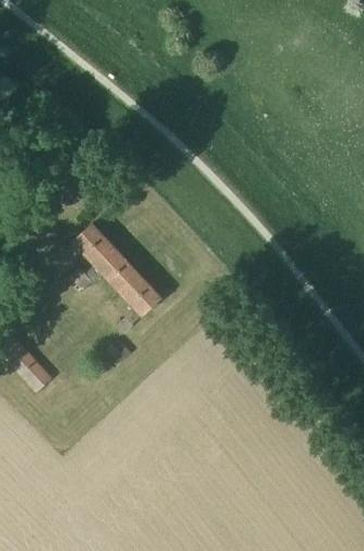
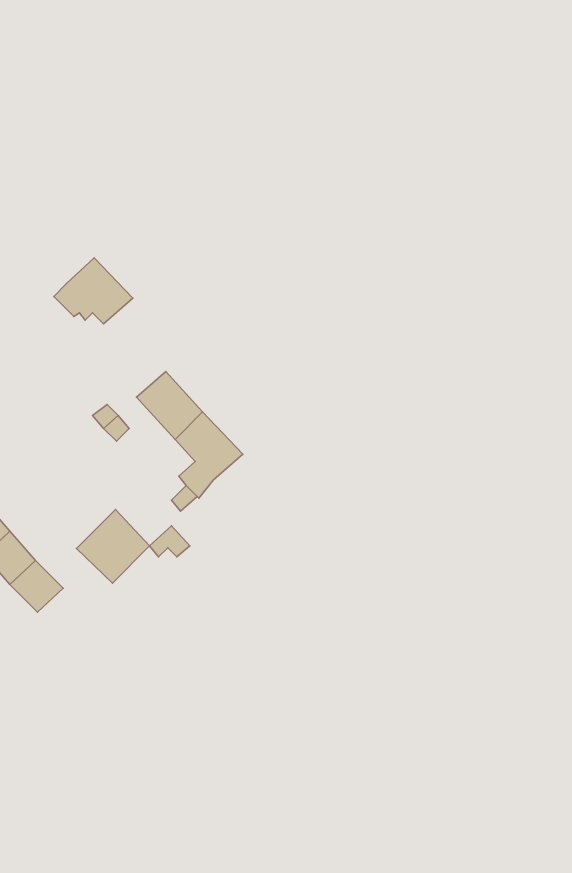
building: [69,223,116,262] -> [54,258,133,324]
building: none -> [77,510,149,583]

